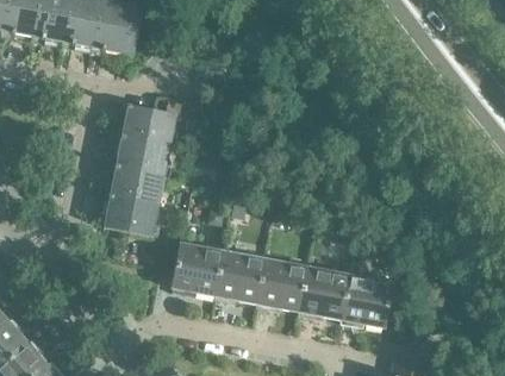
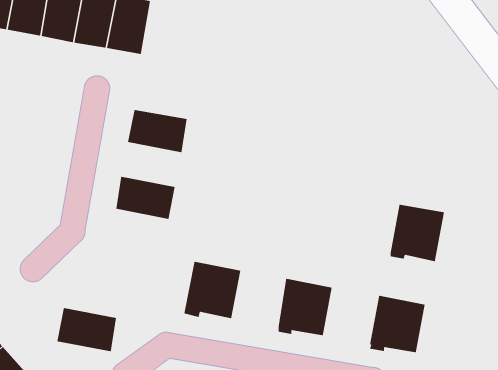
building: [114,133,170,174] -> none
building: [104,194,158,234] -> [57,308,117,352]
building: [214,250,264,301] -> none
building: [299,265,349,318] -> [390,204,445,262]

